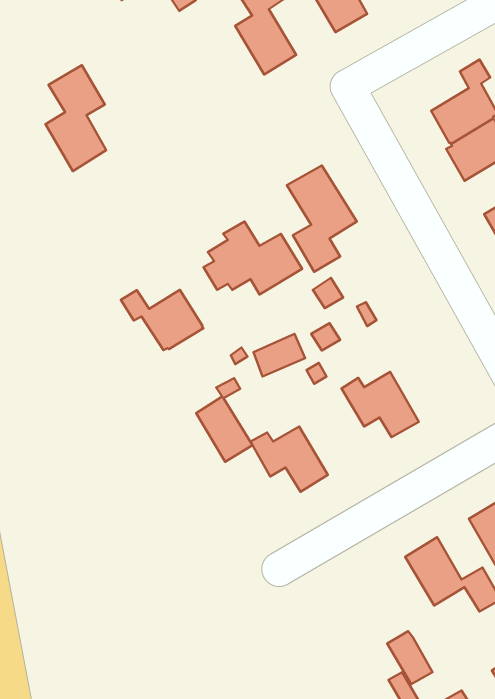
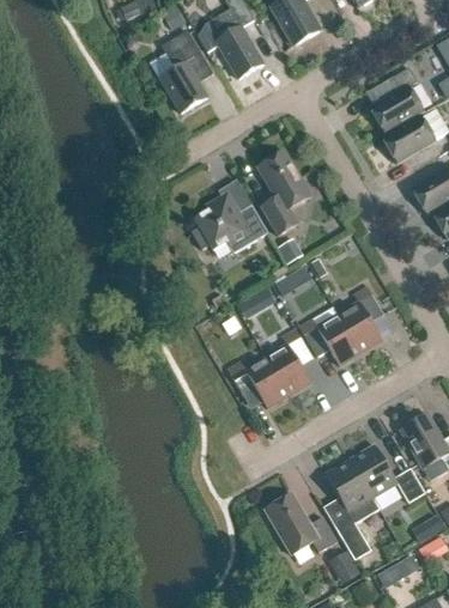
building: [45,65,106,171] -> [159,30,207,114]
building: [121,290,203,350] -> none
building: none -> [338,286,384,353]
building: [196,378,252,462] -> [266,329,310,395]
building: none -> [326,460,380,523]
building: none -> [265,493,338,554]

